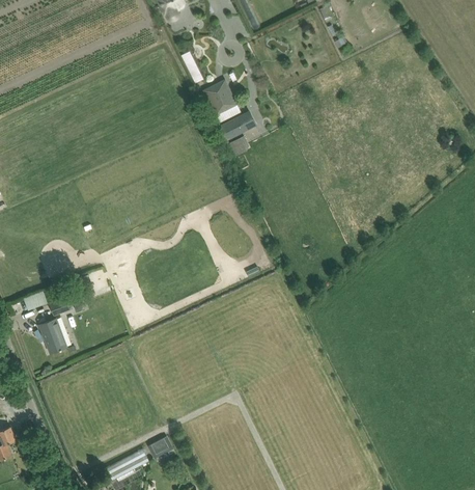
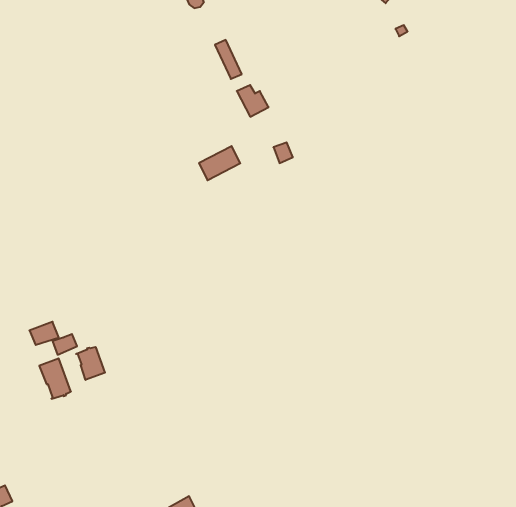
building: [219,111,254,140] -> [199,146,240,180]
building: none -> [76,347,105,380]

